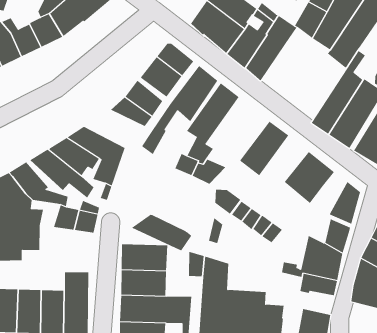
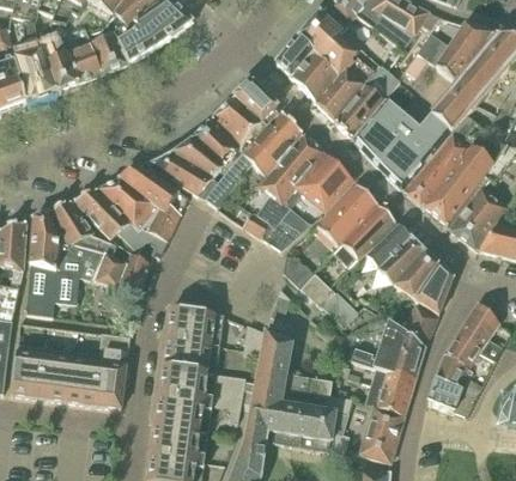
building: none -> [351,97,449,188]
building: none -> [280,152,353,209]
building: none -> [333,203,395,267]
building: none -> [393,250,438,298]
building: [131,214,192,251] -> [148,151,218,197]
building: none -> [364,383,409,414]

